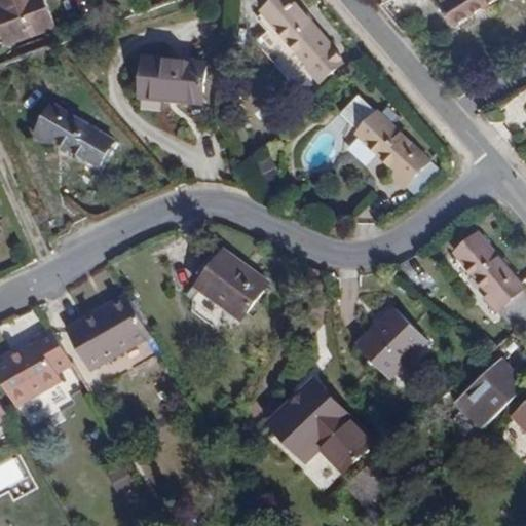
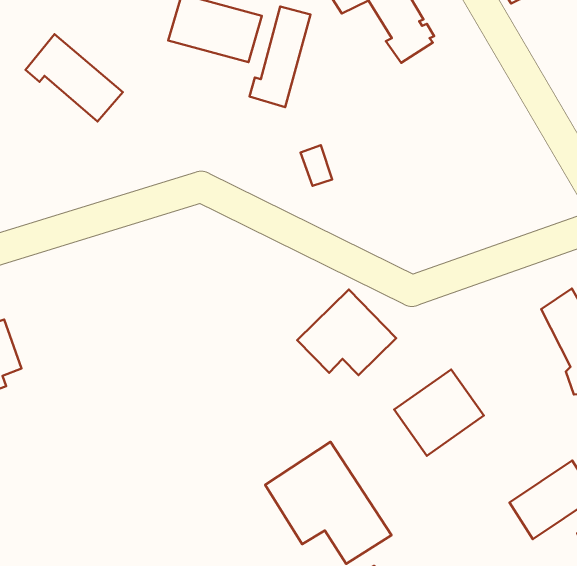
building: none -> [250,7,311,107]
building: [339,96,425,185] -> none
building: [189,253,264,318] -> [297,289,396,375]
building: [65,295,148,370] -> none

